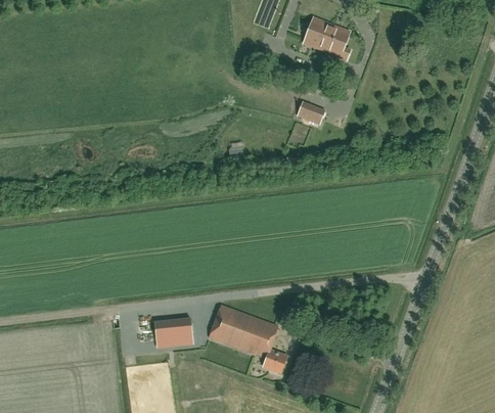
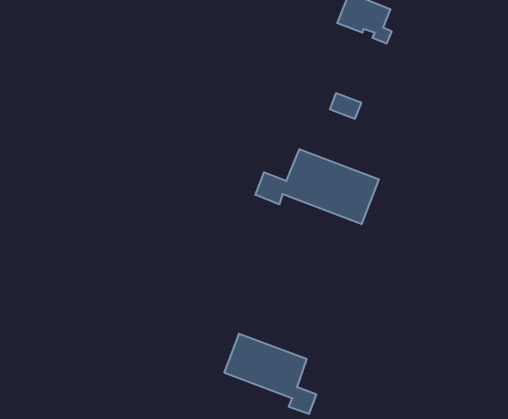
building: none -> [255,149,379,224]
building: [154,318,192,342] -> none

